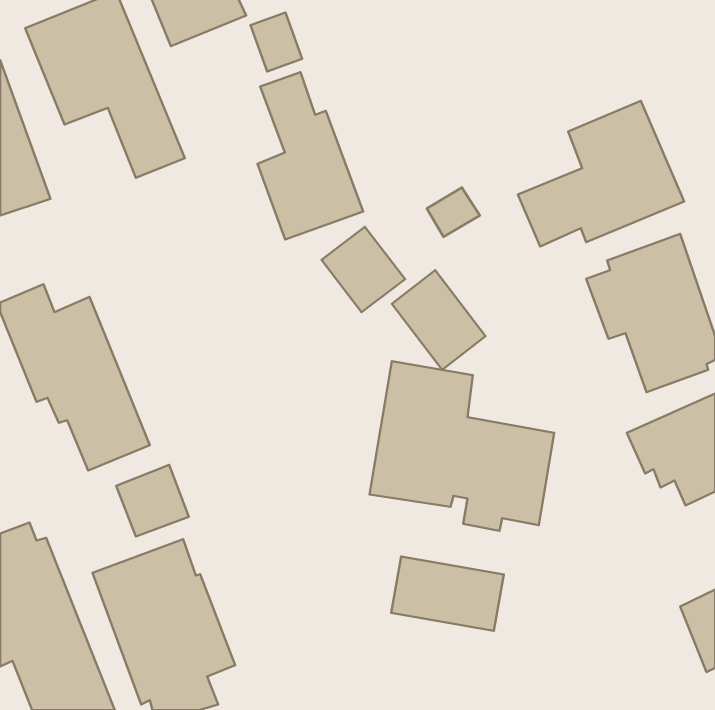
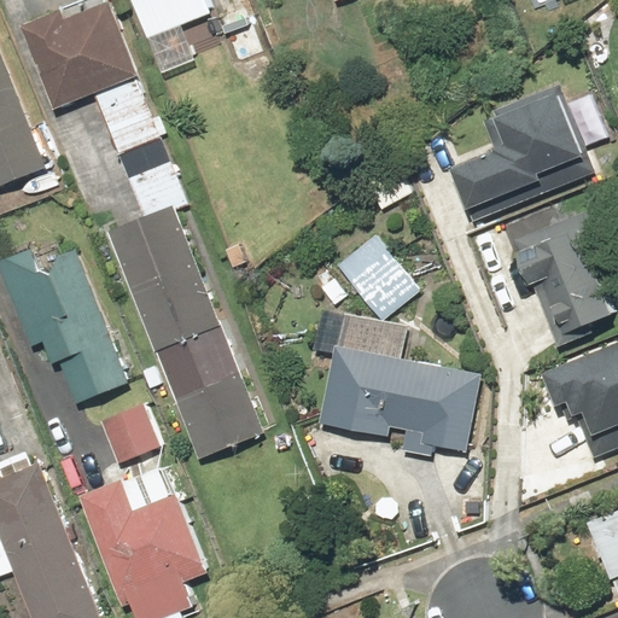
building: [258,72,363,239] -> none
building: none -> [110,161,220,351]
building: [322,227,405,312] -> none
building: none -> [159,331,266,459]
building: [391,557,504,631] -> none

